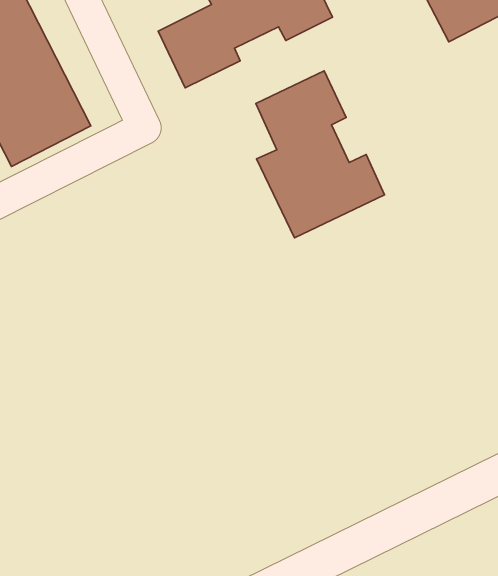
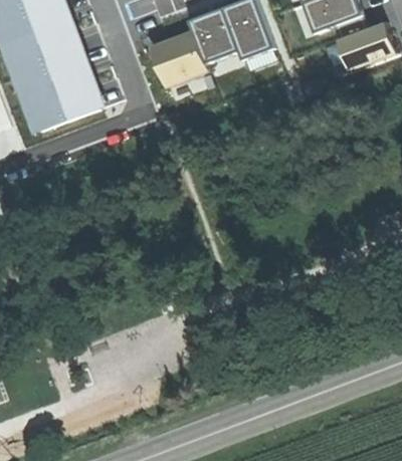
building: [256,71,385,238] -> none

